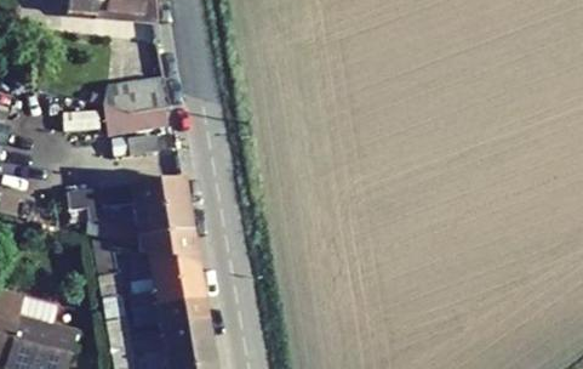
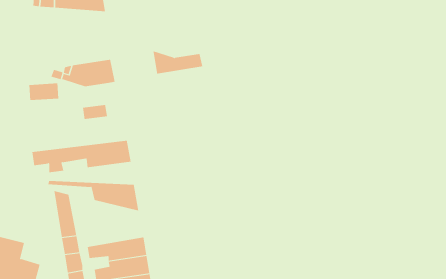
building: [107,104,168,134] -> [153,51,203,74]
building: [88,205,194,233] -> none
building: [131,252,206,310] -> none

